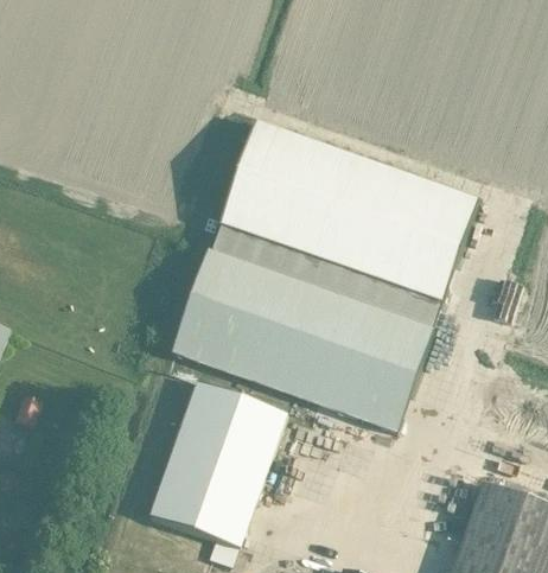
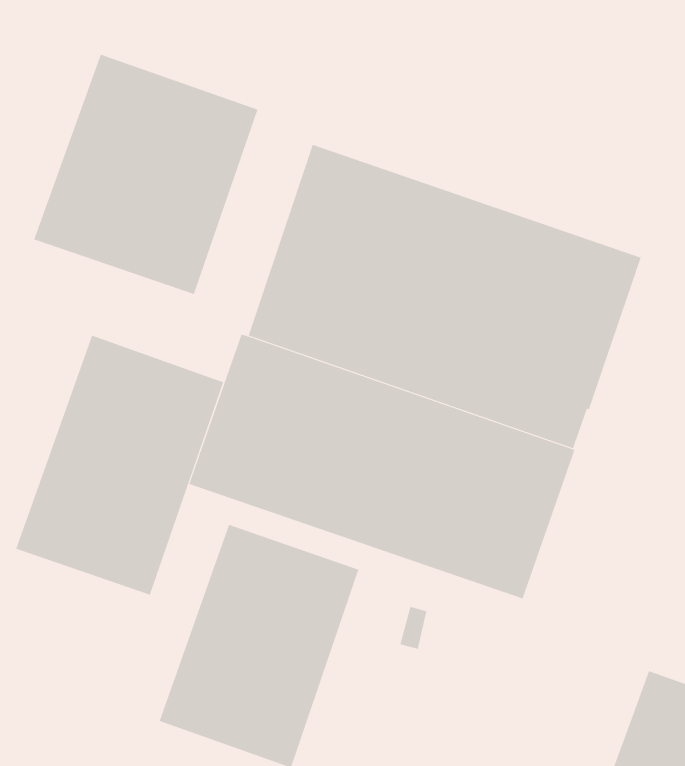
building: none -> [34,54,258,295]
building: none -> [15,335,224,596]

